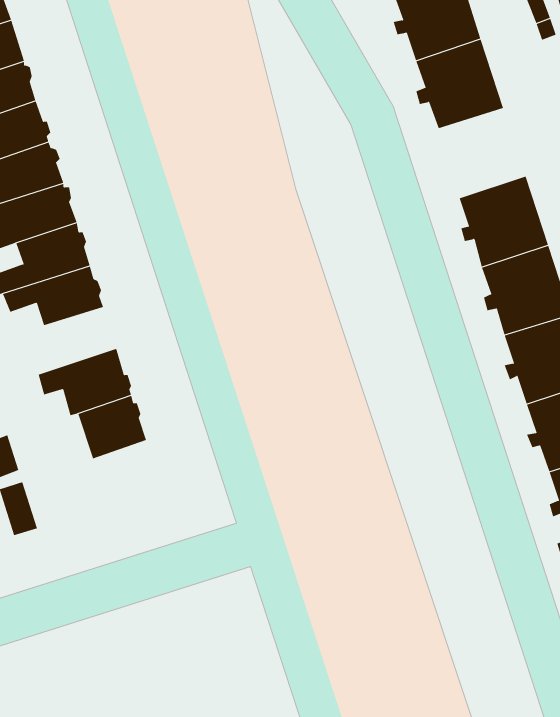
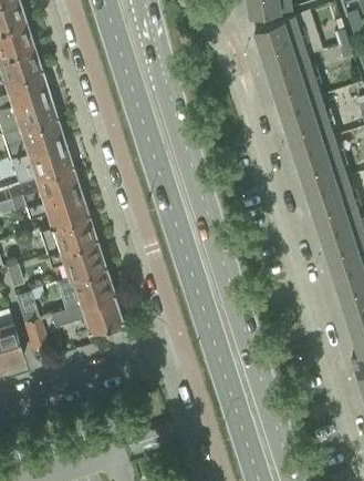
building: none -> [282,98,334,151]
building: none -> [39,215,93,255]
building: none -> [49,294,119,332]

